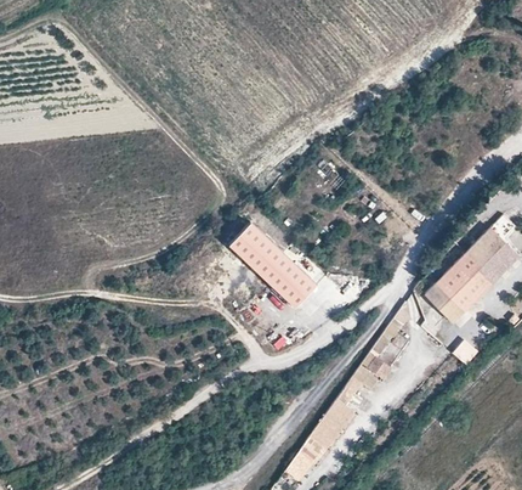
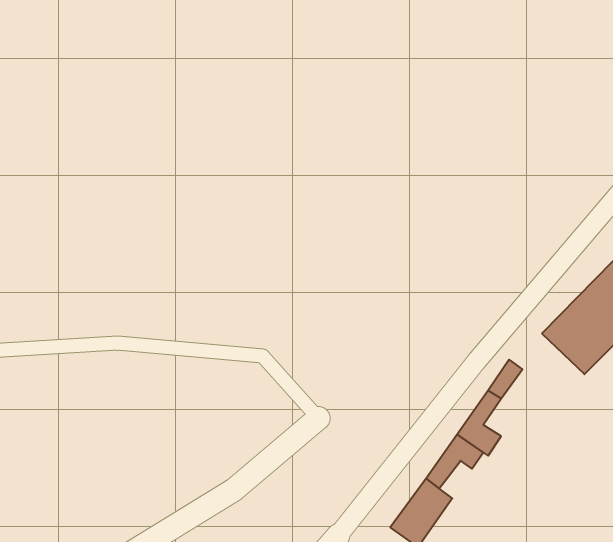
building: [225,219,313,304] -> none

